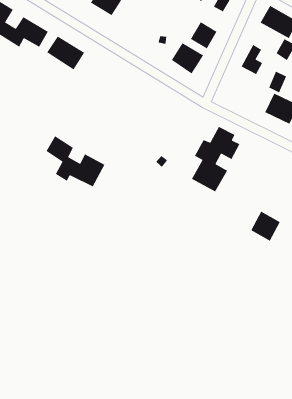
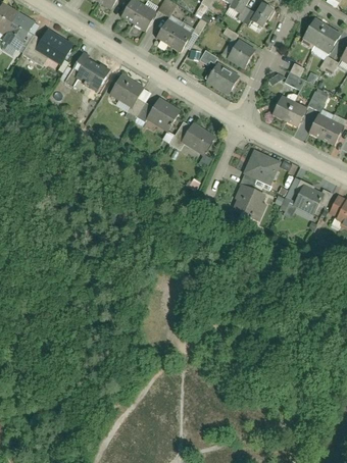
building: none -> [155,19,189,52]
building: none -> [268,94,307,127]
building: none -> [171,122,212,154]
building: [45,135,105,187] -> [116,76,181,133]
building: [250,210,281,242] -> [292,182,325,215]

